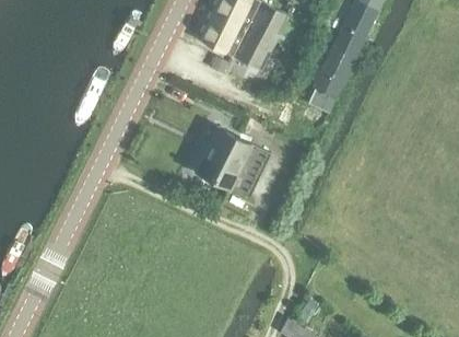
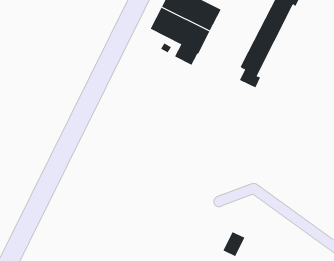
building: [198,129,272,199] -> none

